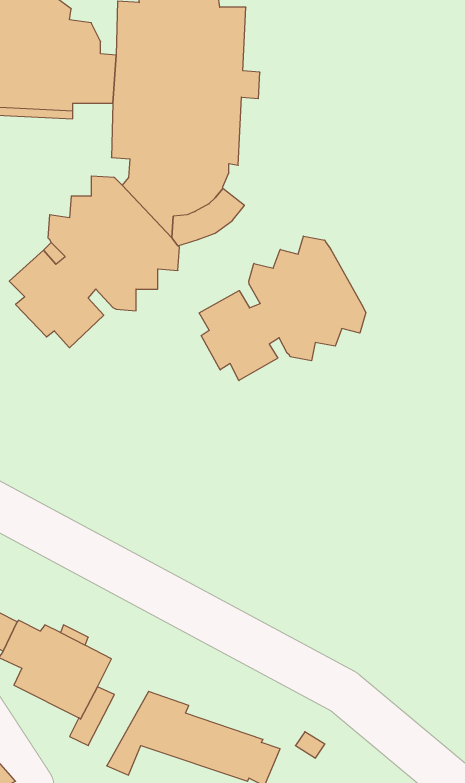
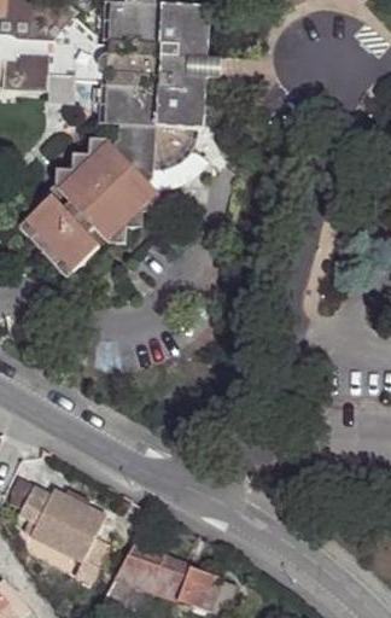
building: [199,236,366,381] -> none

